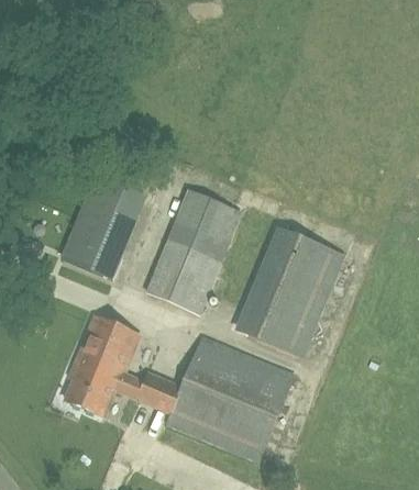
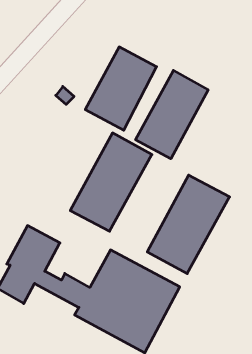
building: none -> [136,70,208,159]
building: [60,176,144,279] -> [85,47,157,130]

